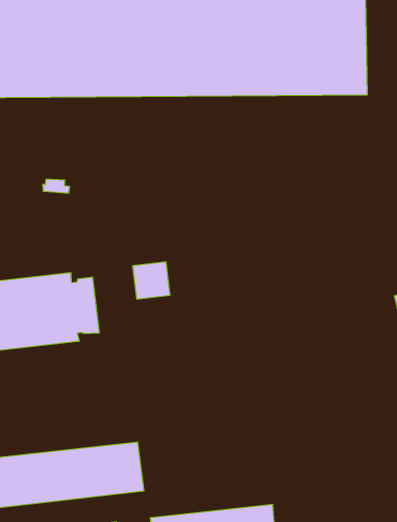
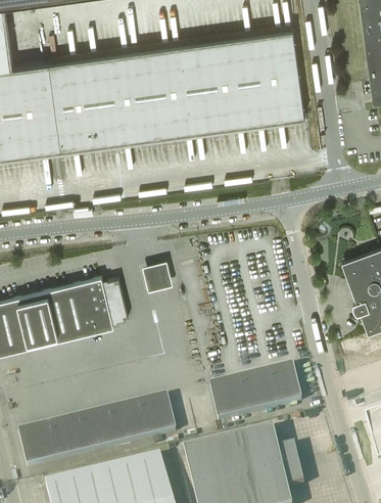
building: none -> [209,364,301,420]

